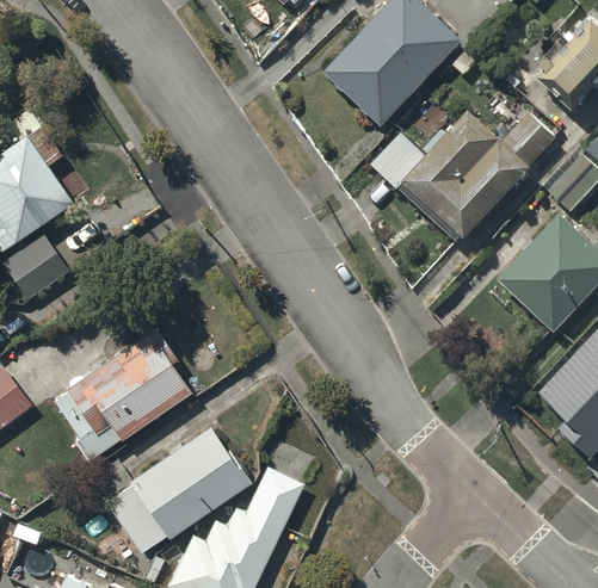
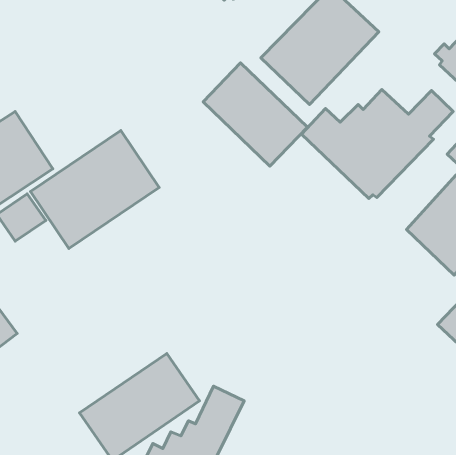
building: none -> [203,63,308,166]
building: none -> [30,130,159,249]
building: [56,329,187,457] -> none

